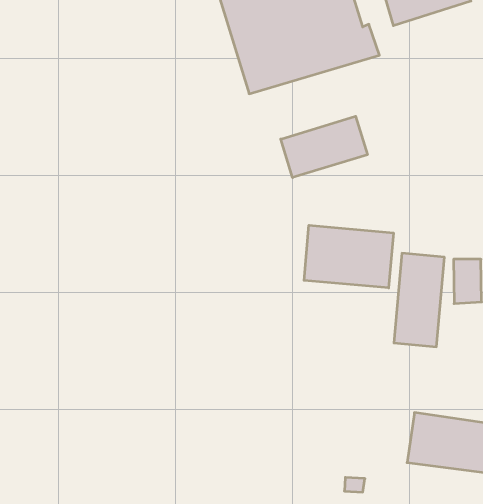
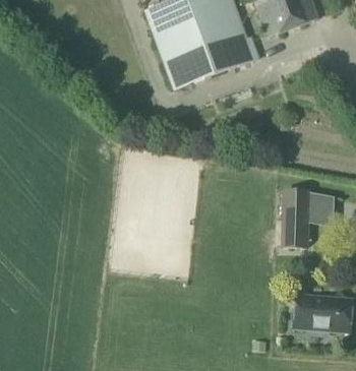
building: [281,116,367,178] -> none
building: [304,225,393,288] -> none

